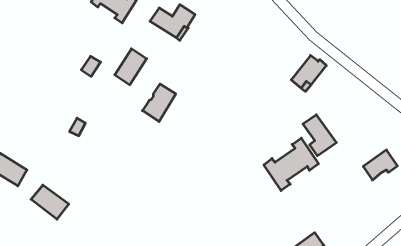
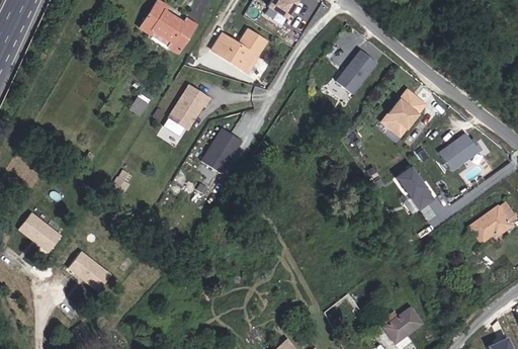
building: none -> [337,52,377,95]
building: none -> [439,135,482,172]
building: [264,138,318,191] -> none

